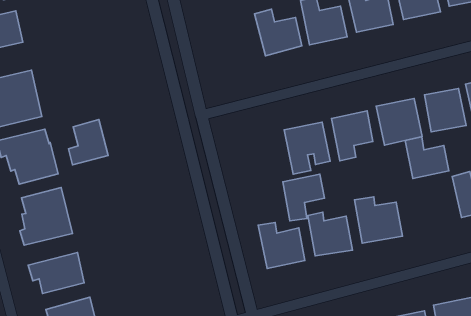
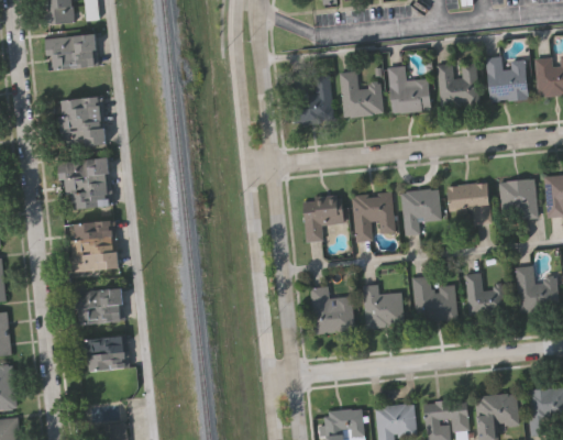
building: none -> [301,74,330,119]
building: [68,120,108,165] -> none
building: [405,137,449,179] -> [463,273,503,314]
building: [283,174,325,221] -> [302,198,342,241]

